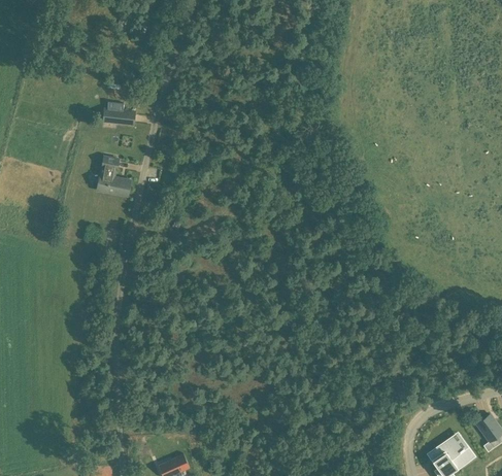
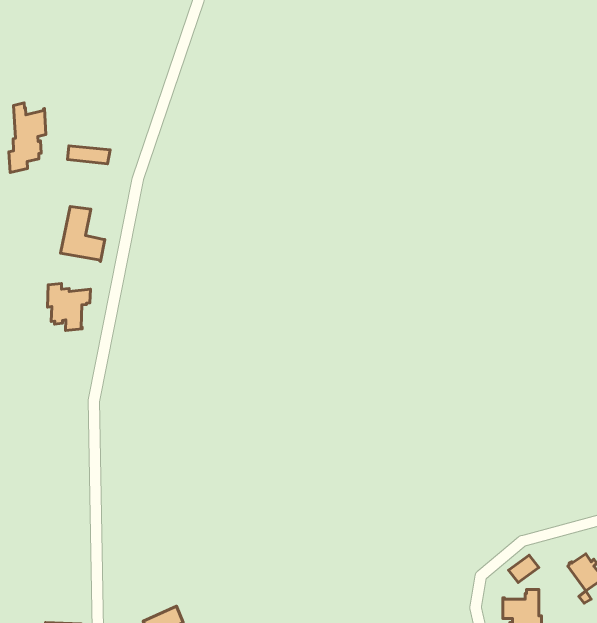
building: none -> [9,103,46,173]
building: none -> [47,283,90,330]

